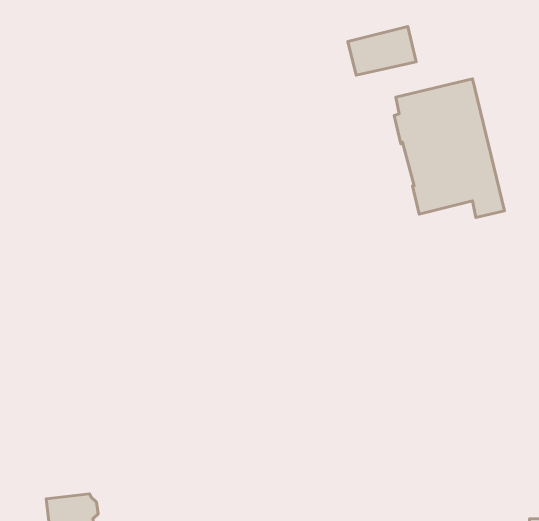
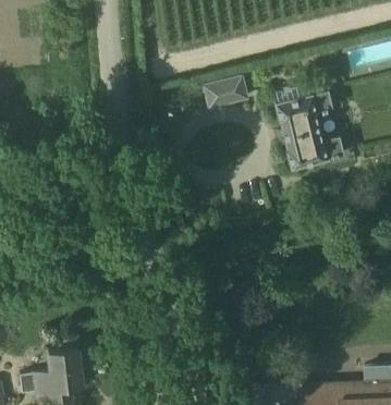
building: [348,27,416,75] -> [204,76,248,108]

